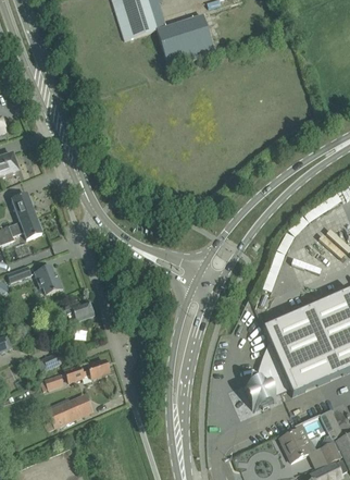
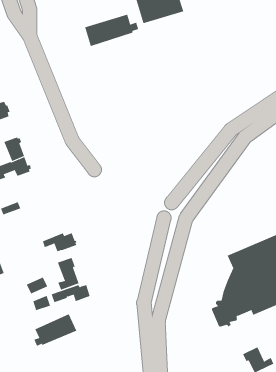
building: none -> [85,14,139,47]
building: [34,264,62,294] -> none
building: none -> [57,257,82,291]

